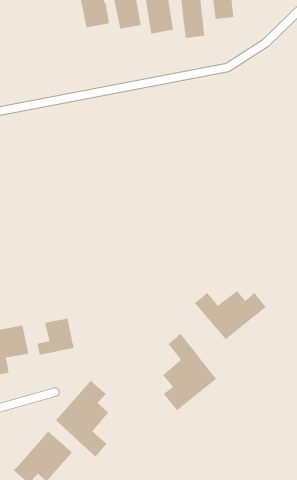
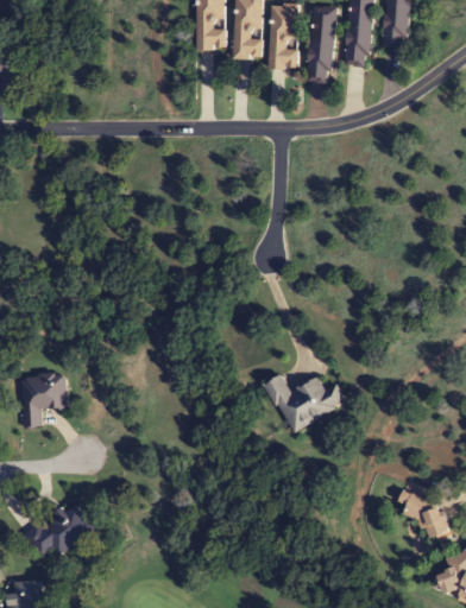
building: [37,318,74,356] -> none
building: [162,333,217,411] -> none
building: [55,380,109,457] -> none

